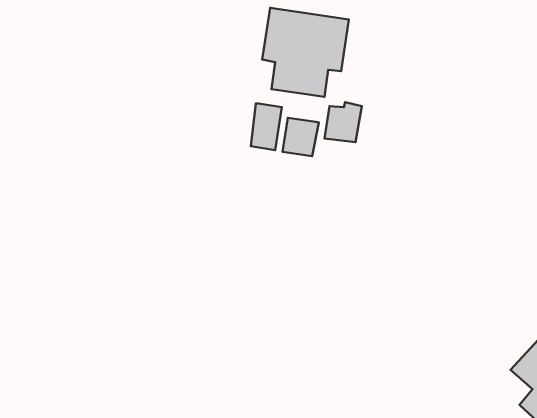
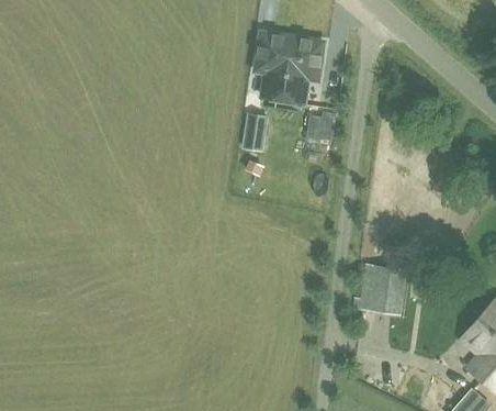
building: [283,118,319,156] -> none
building: none -> [361,264,406,313]

